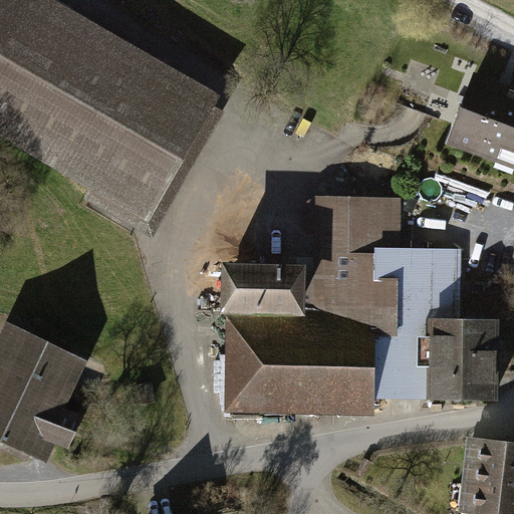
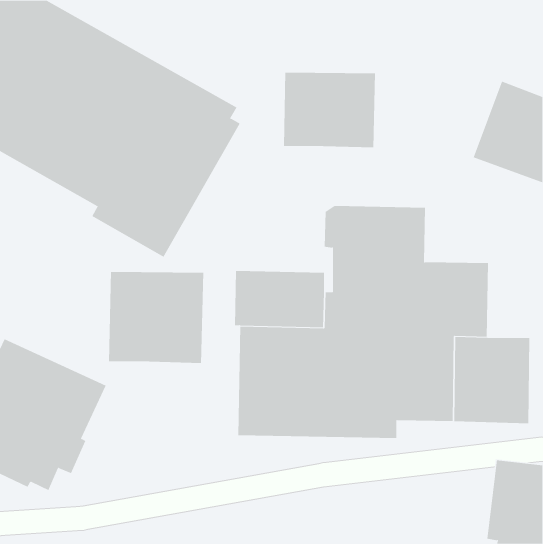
building: none -> [283,72,375,148]
building: none -> [108,271,204,364]

